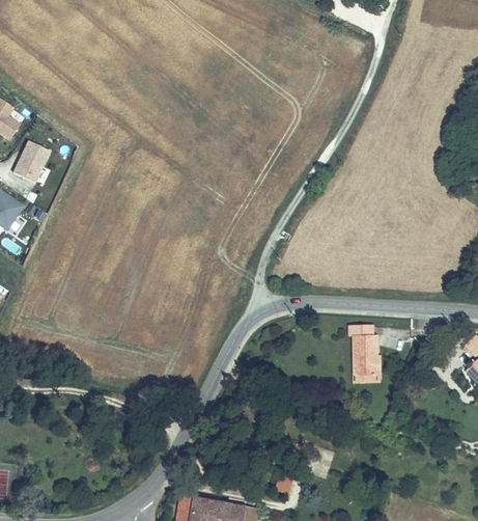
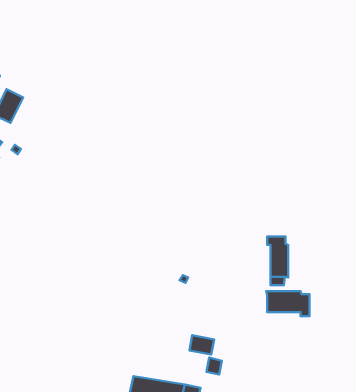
building: none -> [266,291,309,316]
building: none -> [189,335,214,354]

